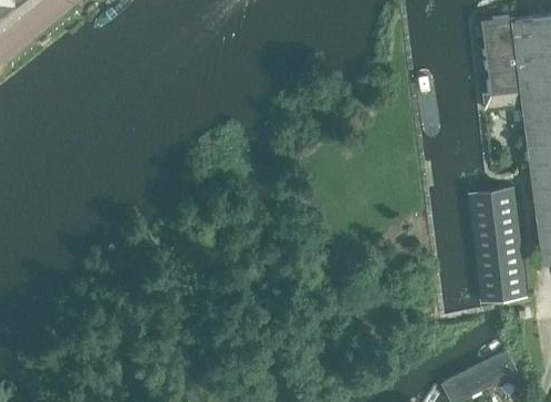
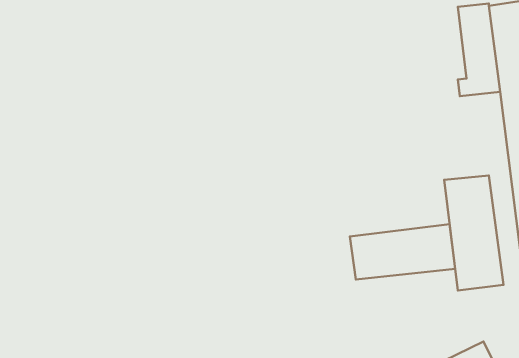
building: none -> [350,224,455,280]

